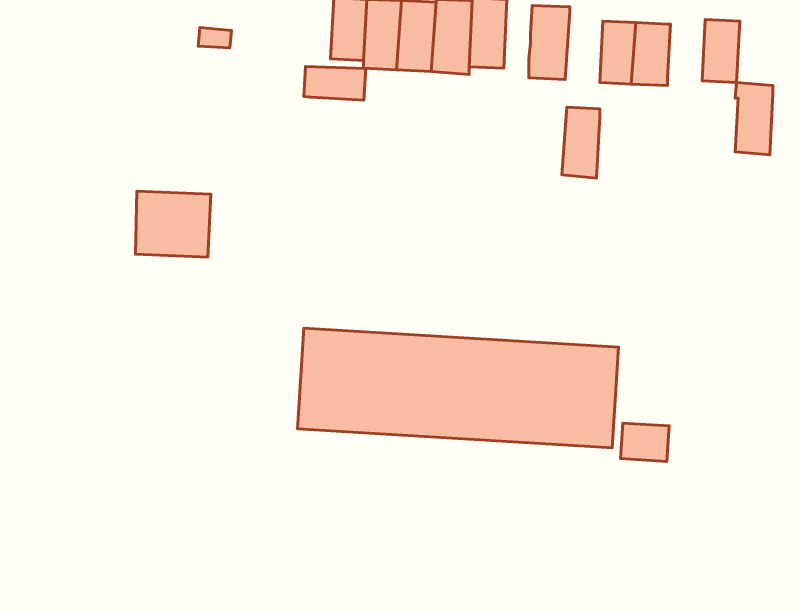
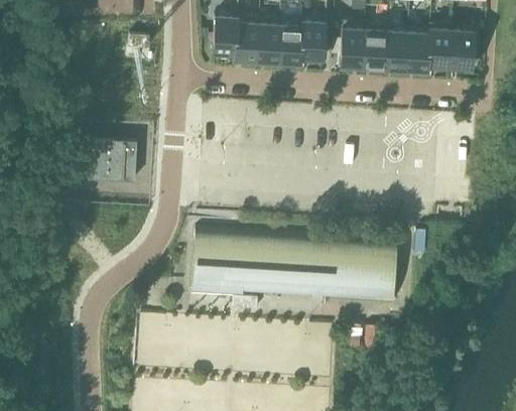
building: [304,66,366,100] -> none
building: [735,82,773,155] -> [428,23,453,70]
building: [562,107,600,178] -> [363,25,387,71]
building: [621,423,669,461] -> none

